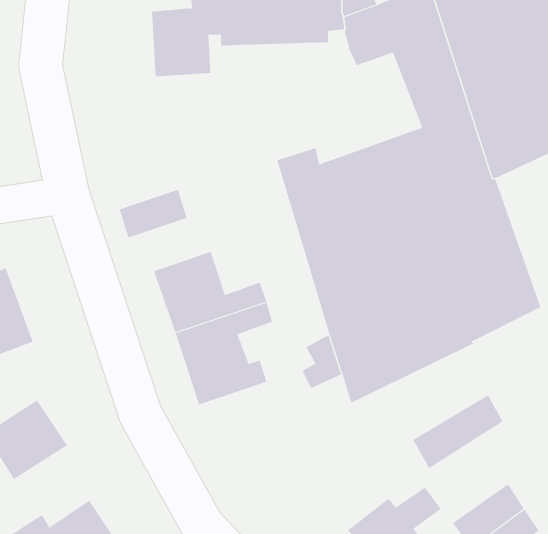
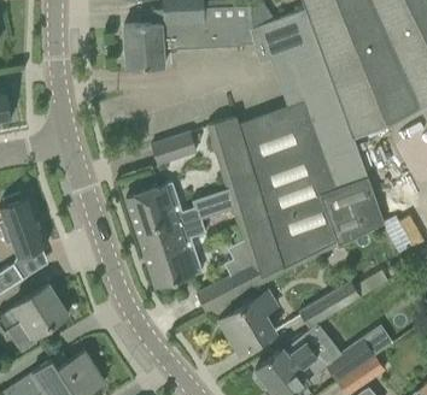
building: [119,189,188,238] -> [151,132,197,165]
building: none -> [197,267,257,312]
building: none -> [220,291,276,354]

